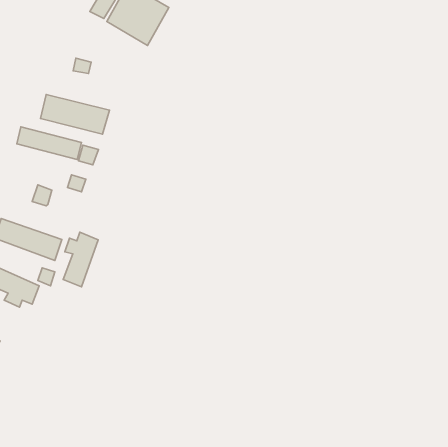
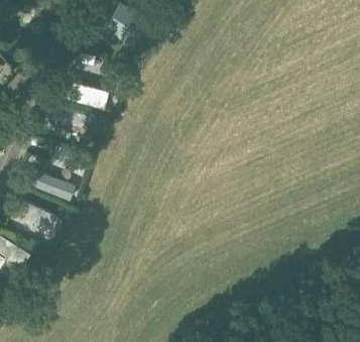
building: [63,232,98,287] -> none

